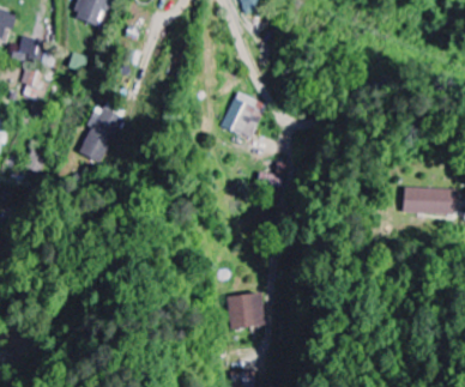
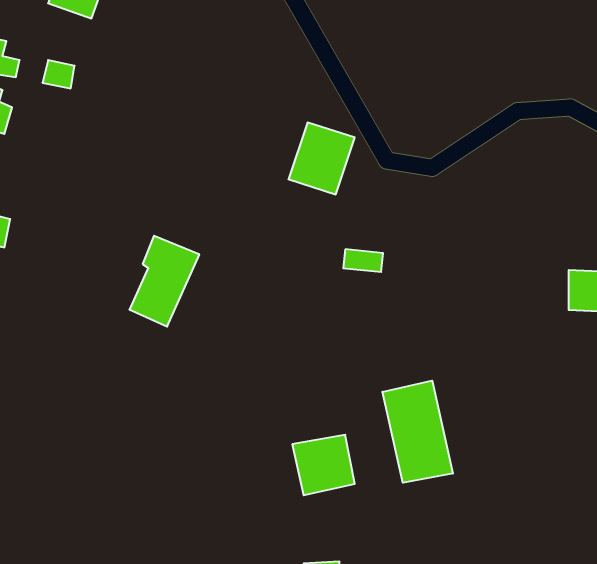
building: [79,105,123,163] -> [129,236,199,327]
building: none -> [382,381,453,483]

